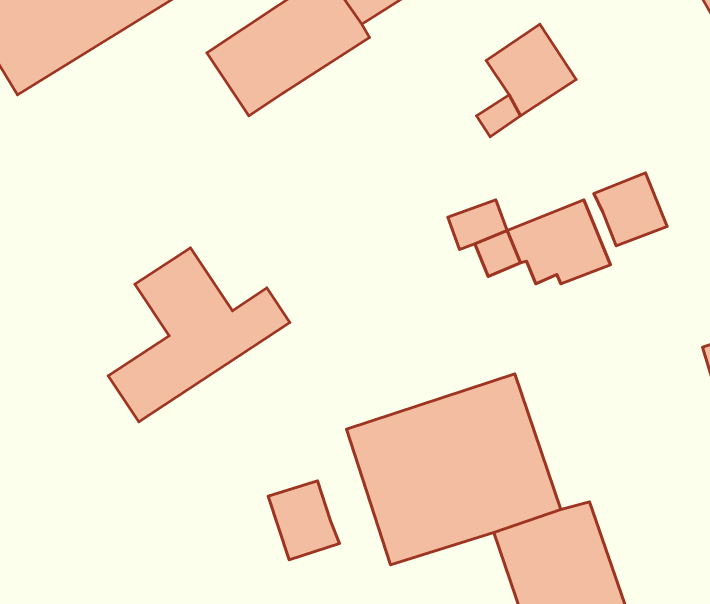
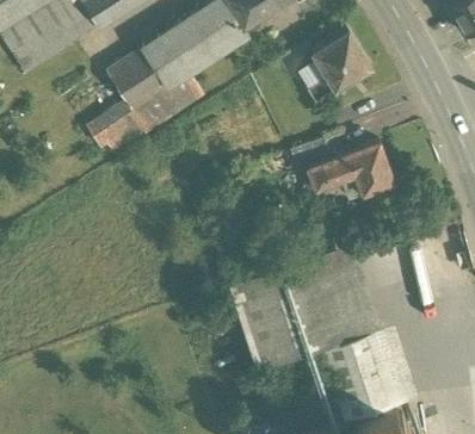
building: [594,173,667,246] -> none
building: [108,248,290,422] -> [90,46,203,155]
building: [268,481,339,560] -> none

